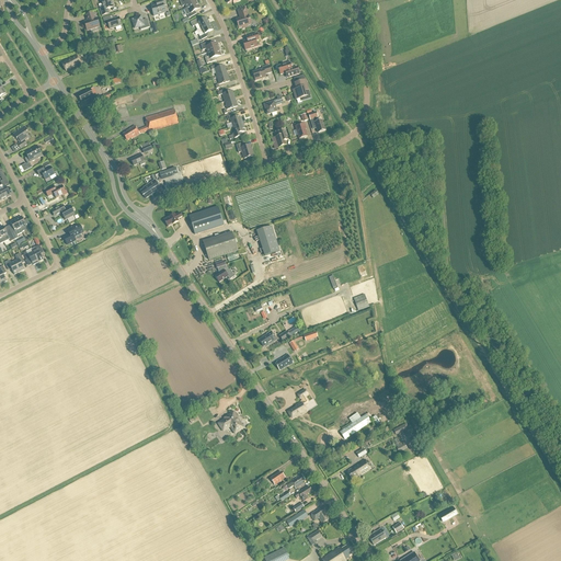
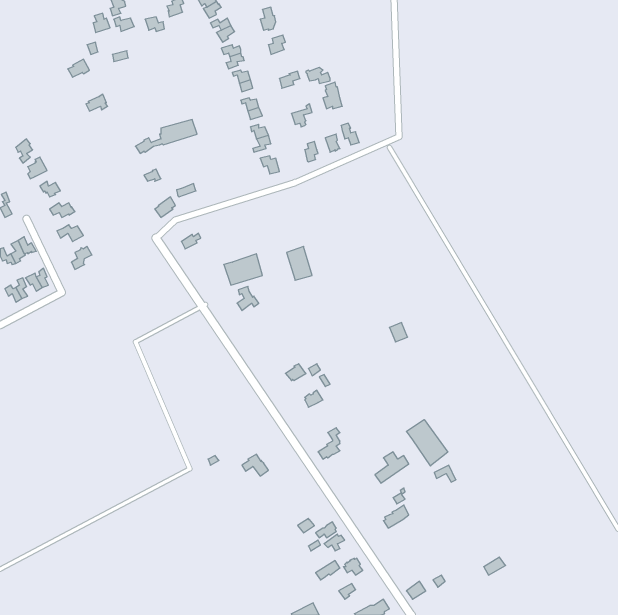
building: [188,206,224,233] -> none
building: none -> [406,420,448,466]

